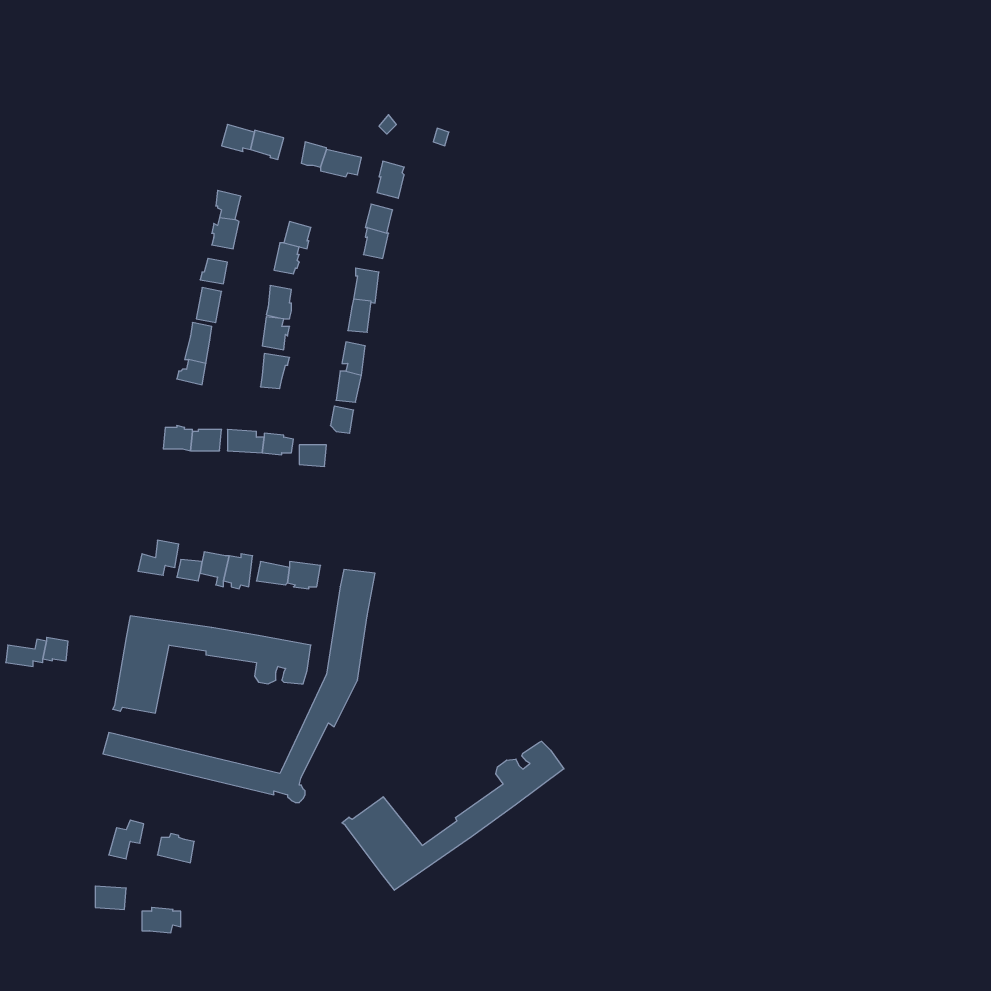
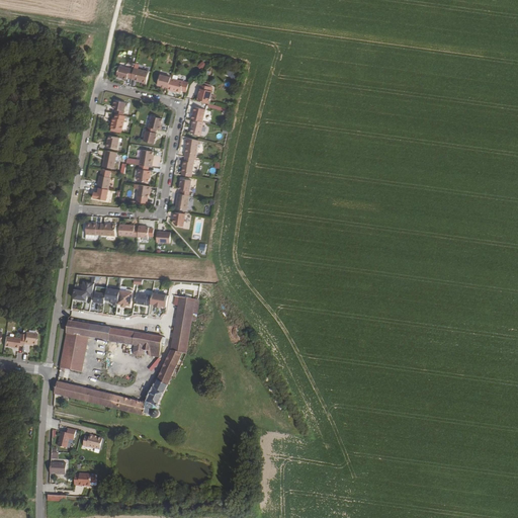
building: [342,741,564,890] -> none

